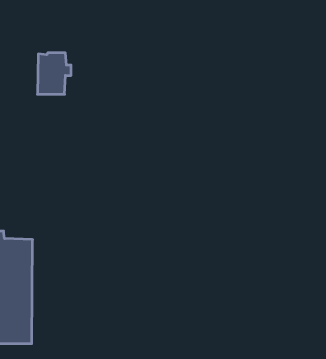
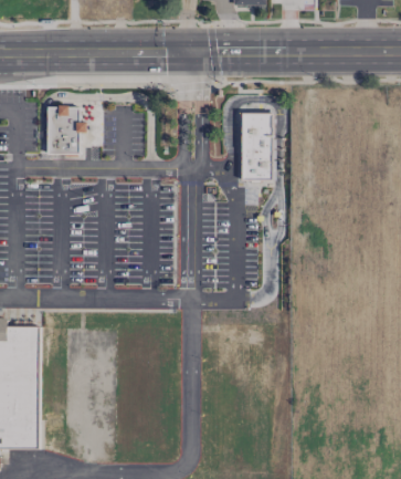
building: none -> [242,111,274,181]

